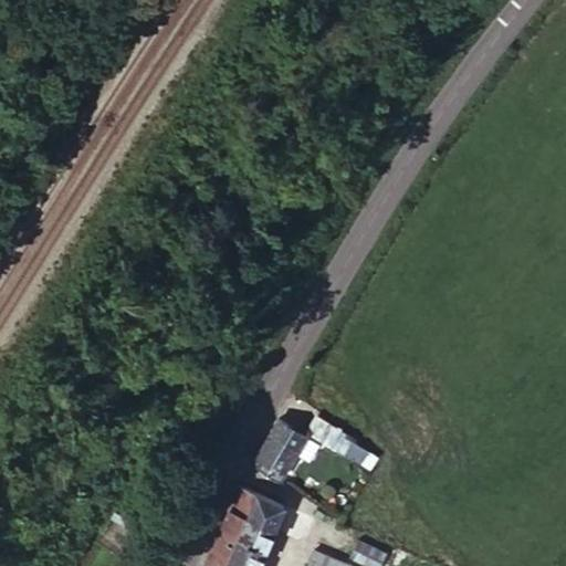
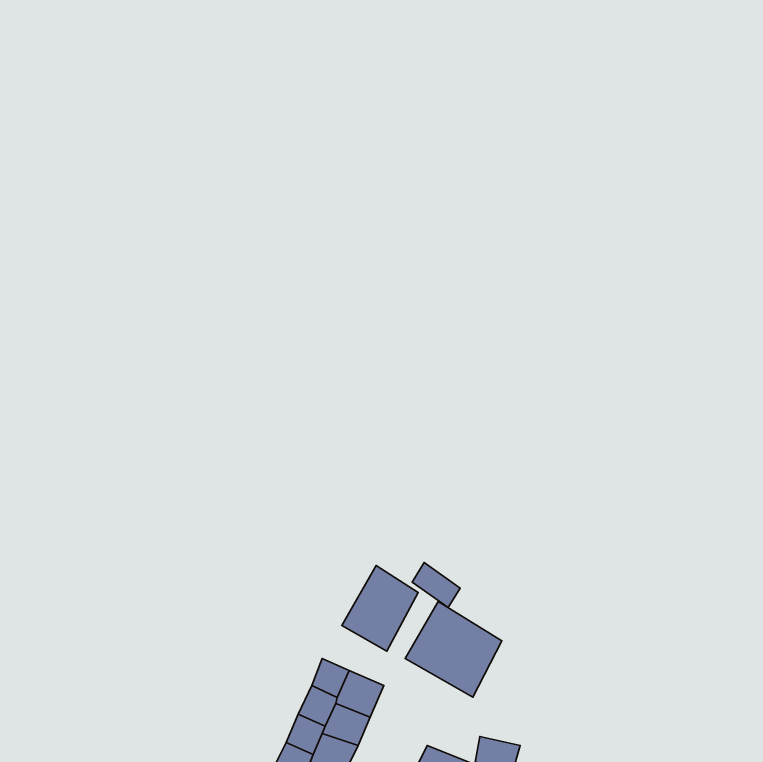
building: none -> [405,601,502,697]

